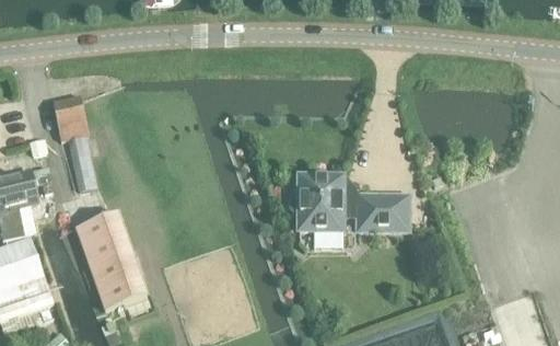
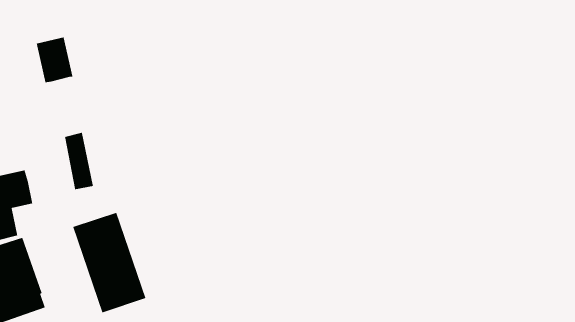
building: [52,95,89,140] -> [36,36,73,83]
building: [290,172,408,230] -> none

